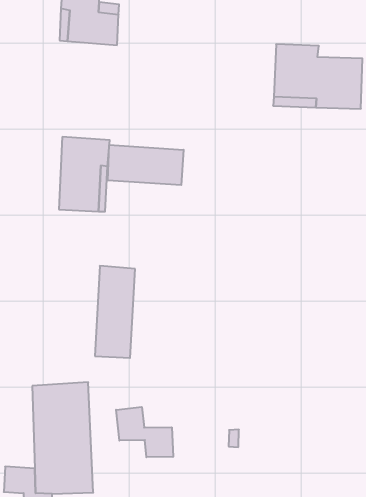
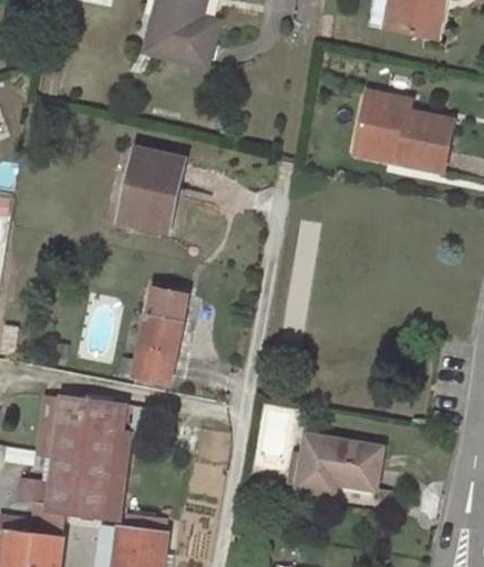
building: [108,145,184,185] -> none
building: none -> [297,433,381,493]
building: [116,407,173,457] -> none

